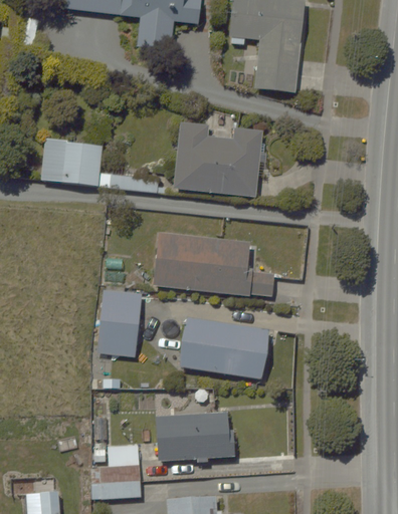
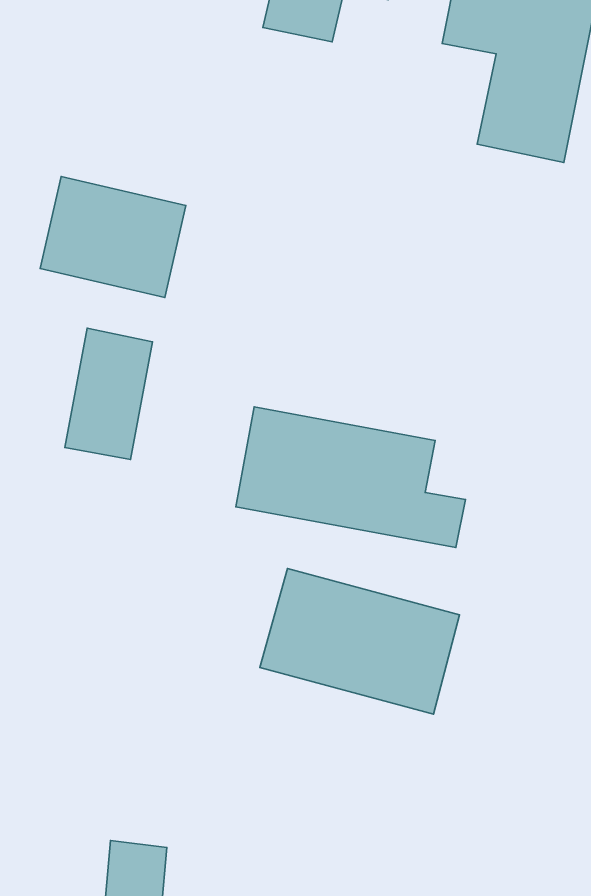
building: [172,121,262,195] -> none
building: [101,292,139,356] -> [65,328,153,459]
building: [155,415,233,462] -> none

